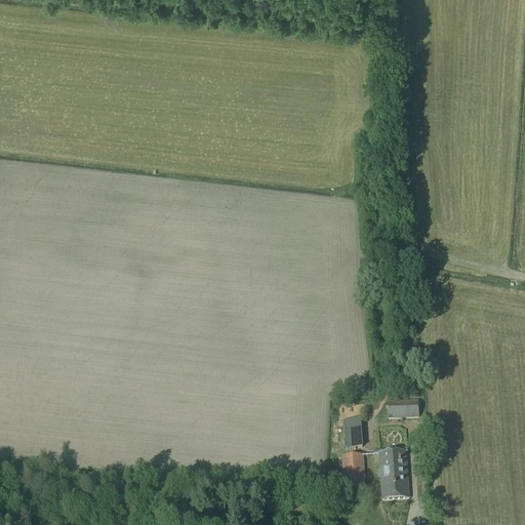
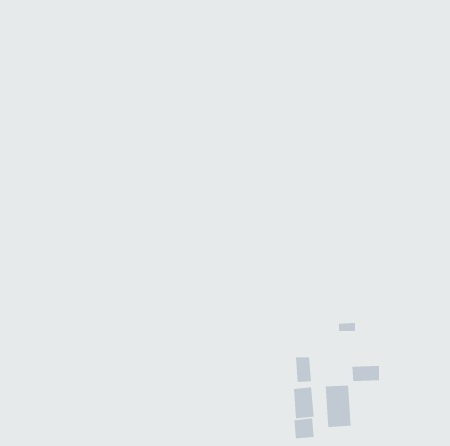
building: [386,397,418,415] -> [352,366,380,381]
building: none -> [294,417,314,439]

